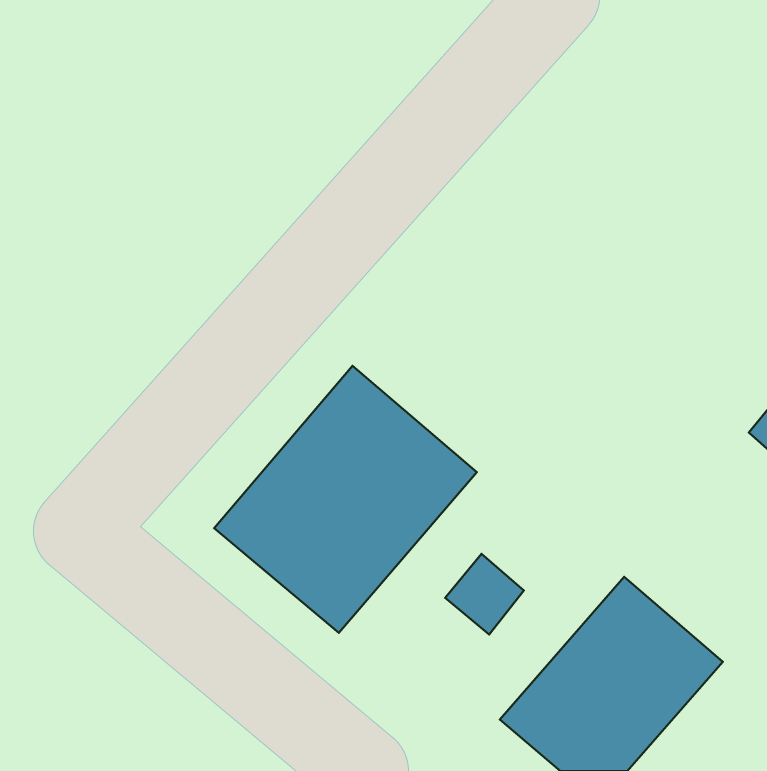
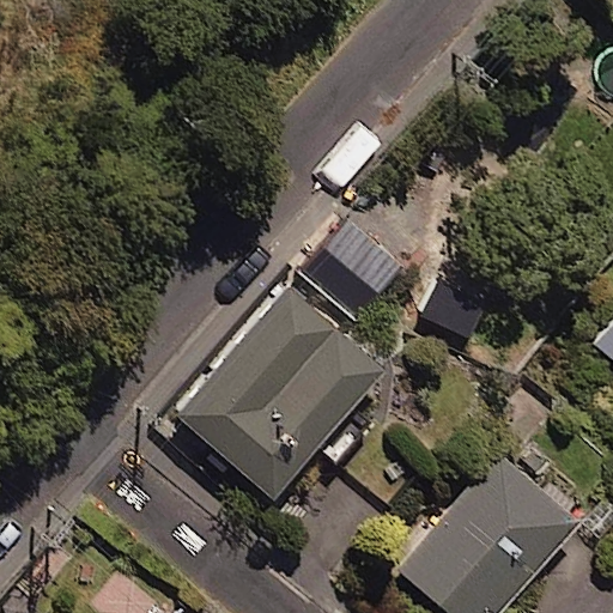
building: none -> [303,218,403,320]

